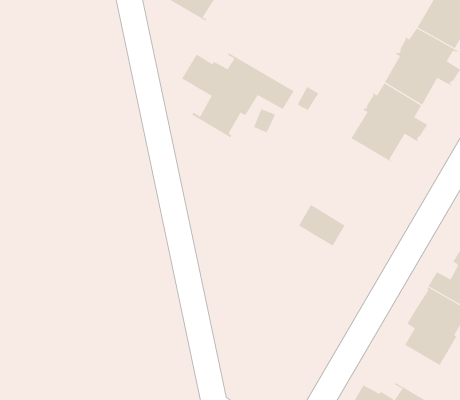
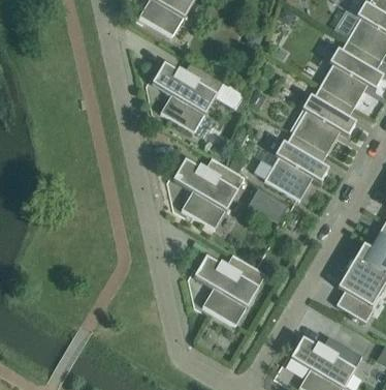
building: none -> [264,132,329,201]
building: none -> [173,156,245,229]
building: none -> [194,254,265,325]

